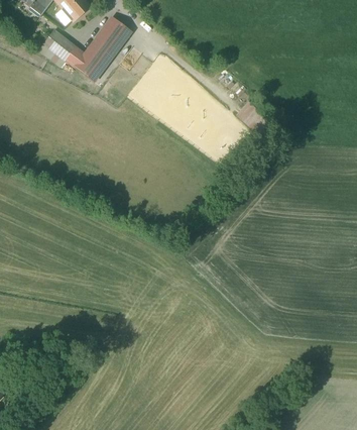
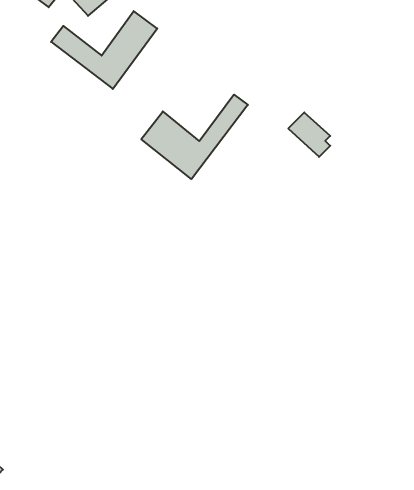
building: none -> [141,95,248,179]

